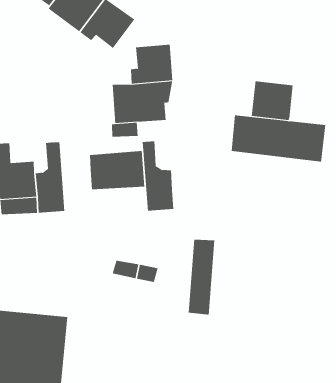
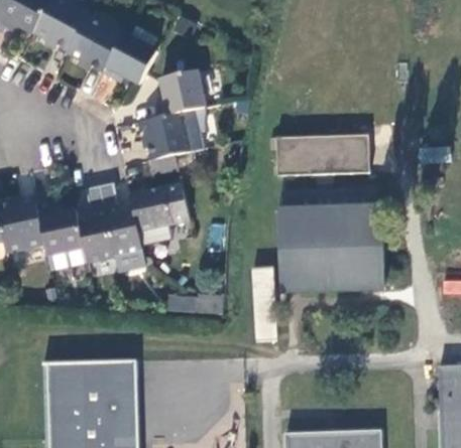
building: [251,81,293,121] -> none
building: [142,141,174,211] -> [102,185,144,258]
building: none -> [274,188,381,290]

